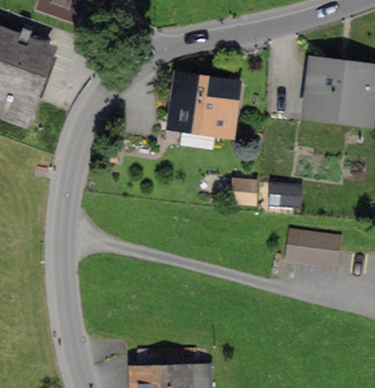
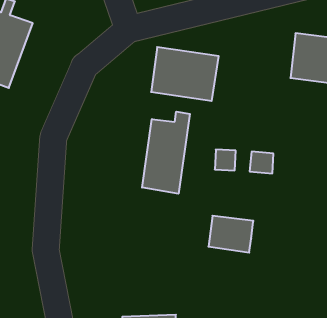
building: none -> [142,112,190,194]
building: [296,232,342,269] -> [208,216,253,253]

